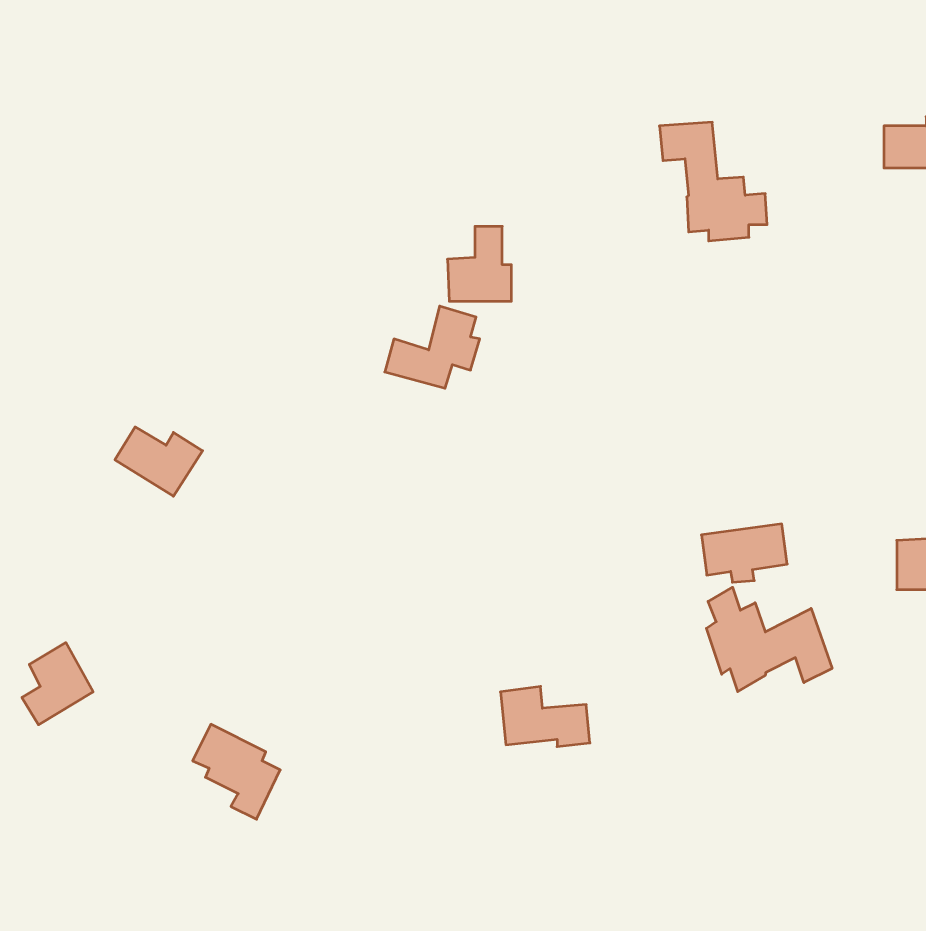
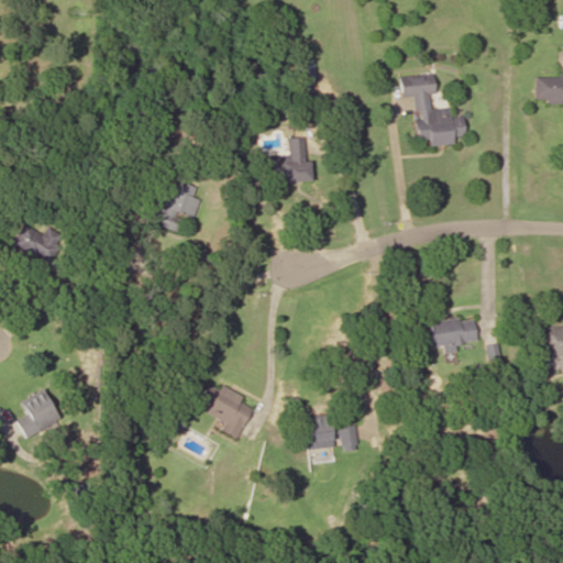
building: [385,306,480,388] -> [144,179,201,229]
building: [115,427,203,496] -> [13,223,66,265]
building: [706,587,832,692] -> none
building: [193,724,280,819] -> [200,380,253,438]

